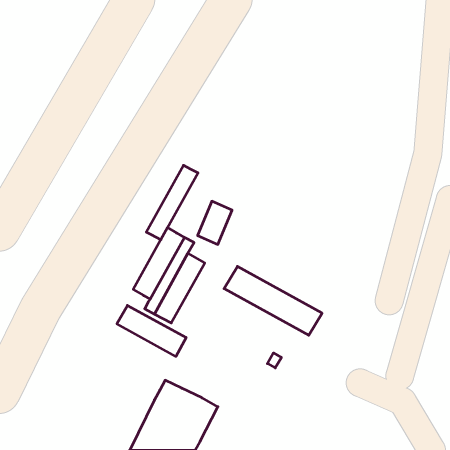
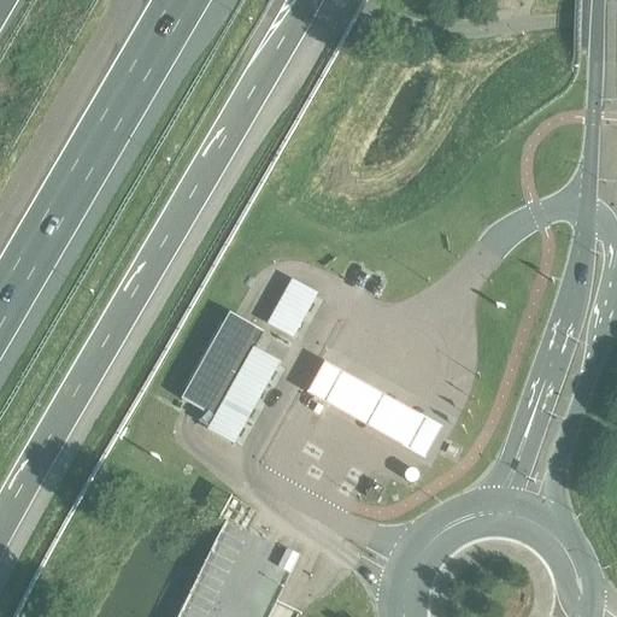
building: [146,165,198,240] -> none
building: [117,305,186,356] -> none

